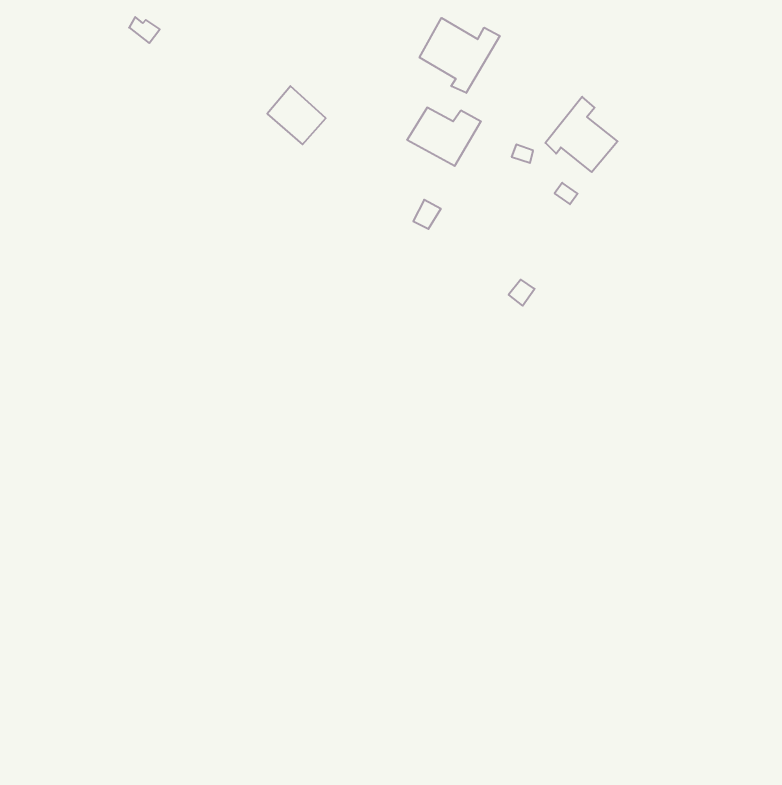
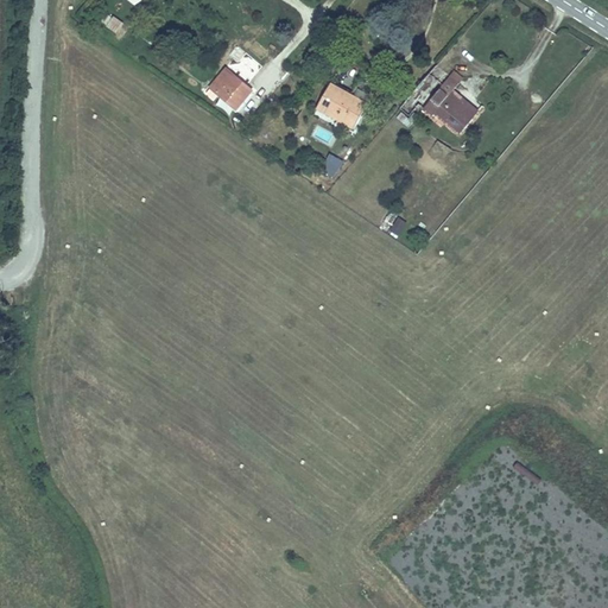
building: [420,18,500,93] -> none

